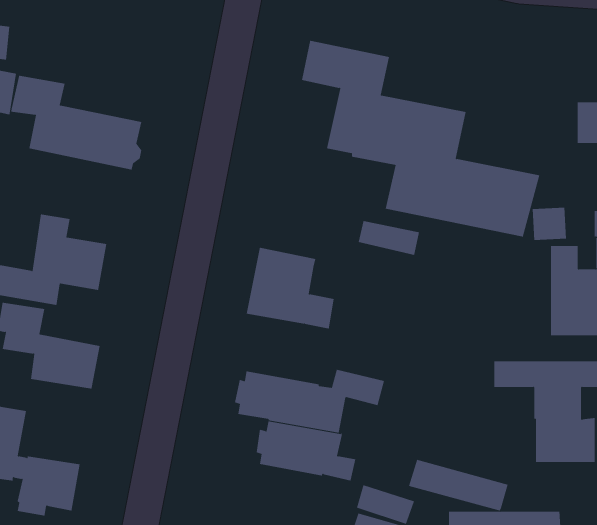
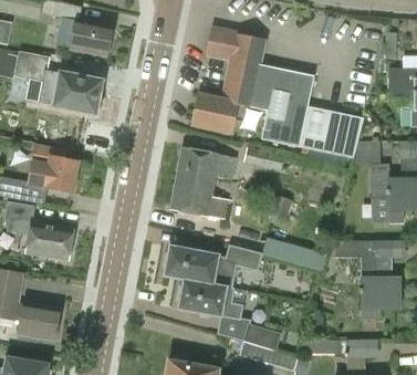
building: none -> [56,17,113,55]
building: none -> [190,94,239,133]
building: none -> [178,147,237,180]
building: [408,459,508,511] -> [261,237,327,271]

